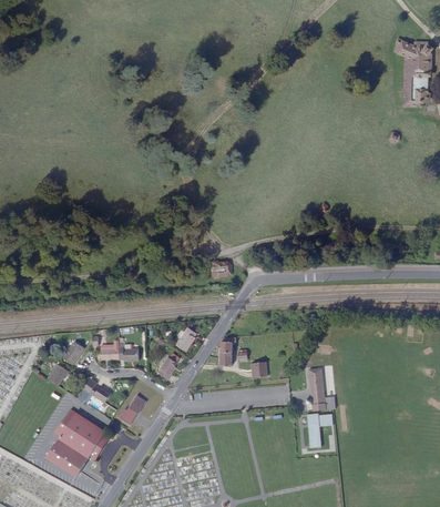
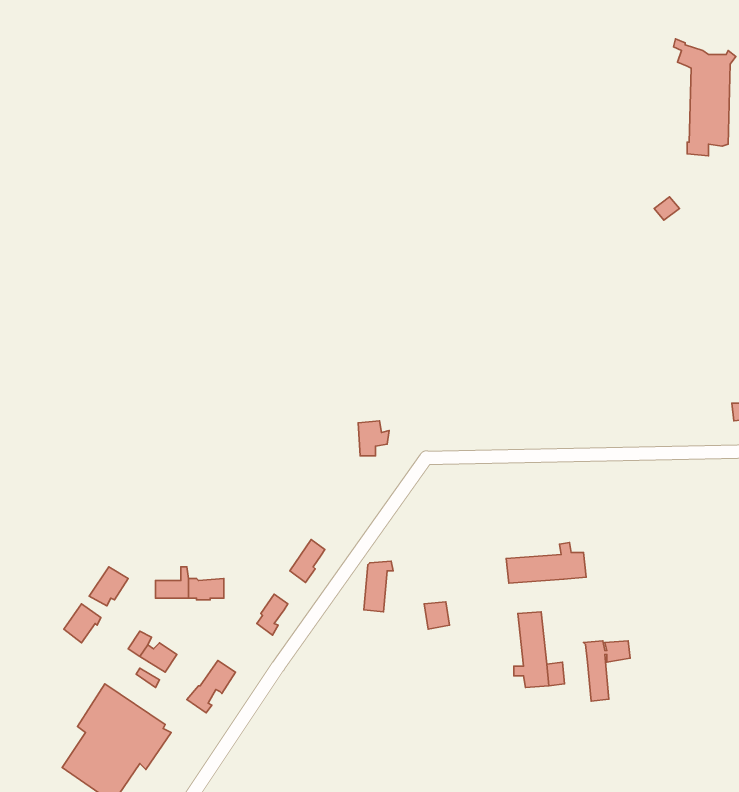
building: none -> [506,542,586,583]
building: [305,413,331,447] -> [583,641,630,701]

